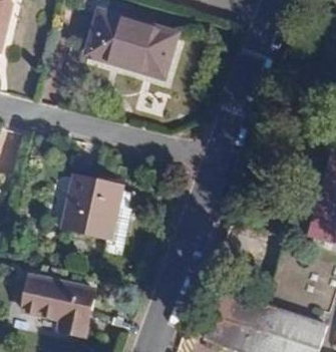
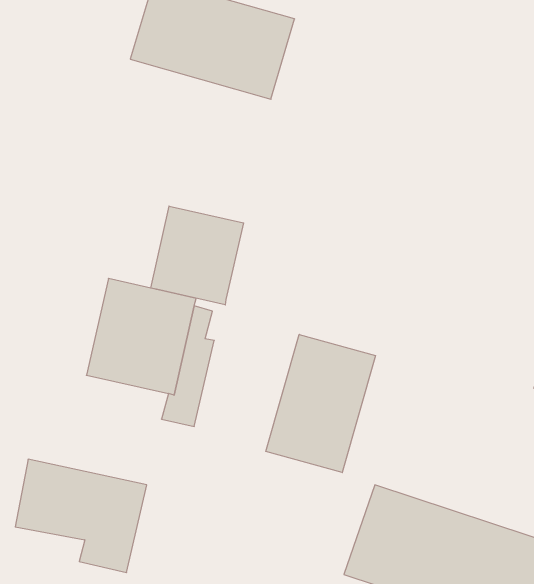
building: none -> [151,206,244,305]
building: none -> [266,334,376,473]

